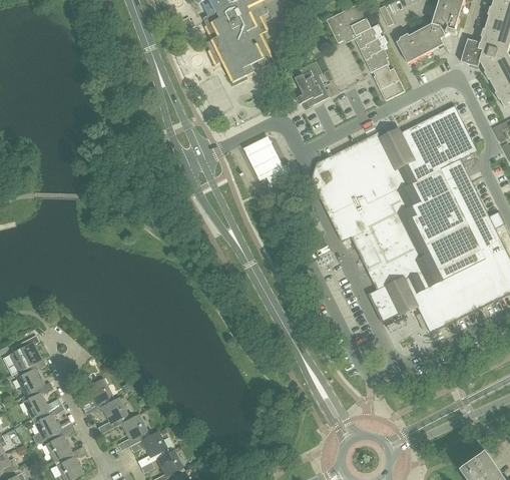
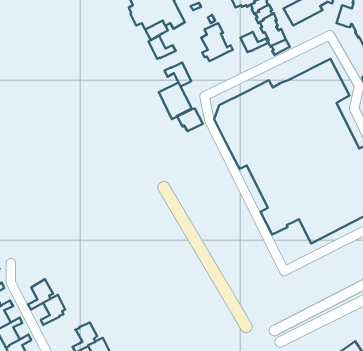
building: none -> [241,32,268,52]
building: none -> [148,36,176,59]
building: none -> [164,62,191,86]
building: [117,412,147,449] -> none

